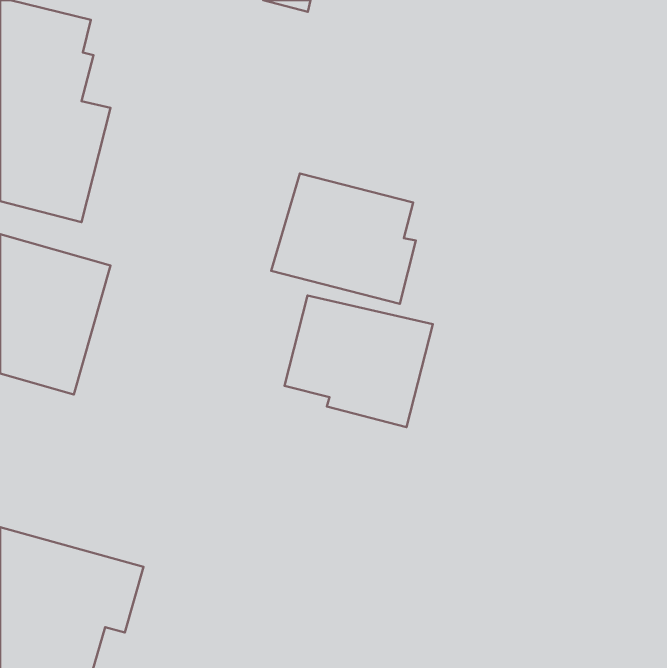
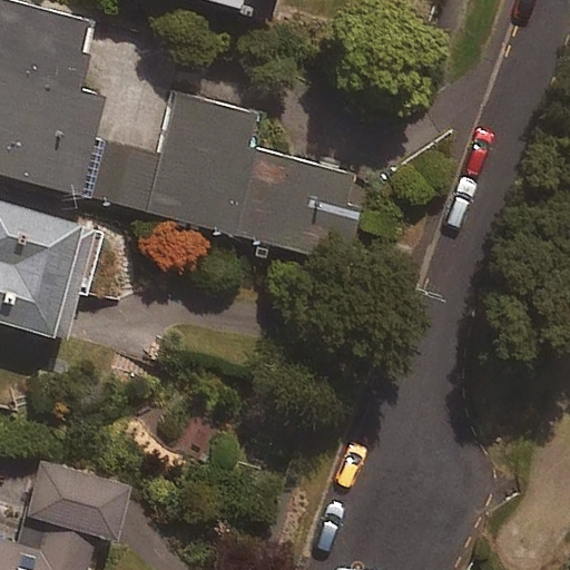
building: none -> [94,92,256,233]
building: [285,295,433,427] -> none

